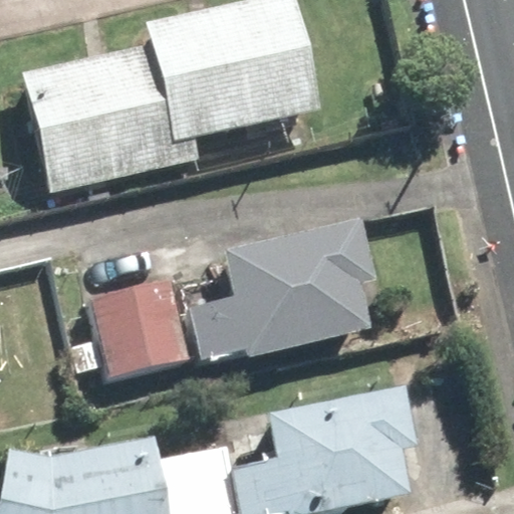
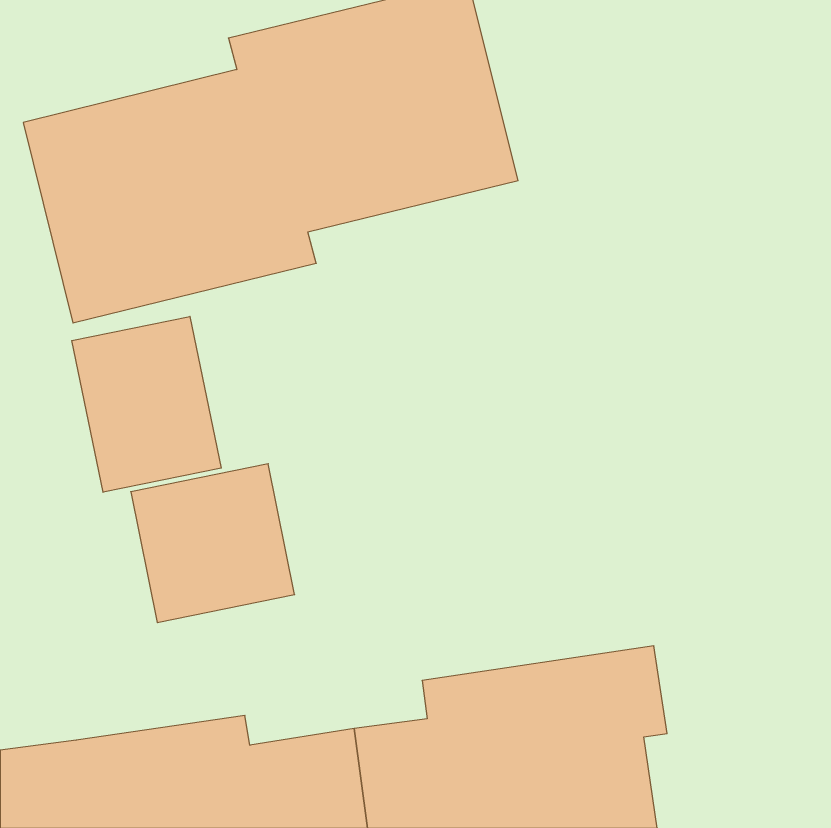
building: none -> [72,316,221,492]
building: [187,220,380,361] -> none

